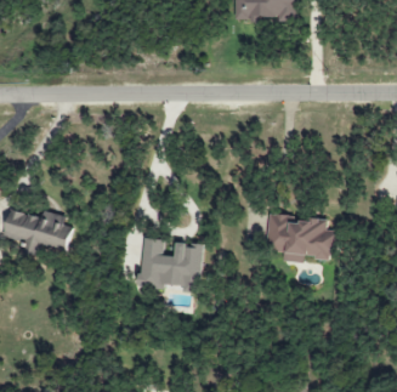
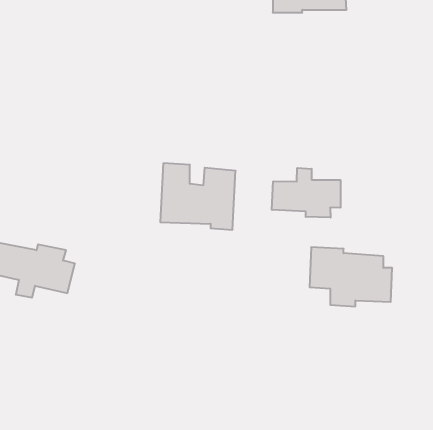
building: none -> [272,168,341,218]
building: [138,237,200,291] -> [160,163,236,230]

